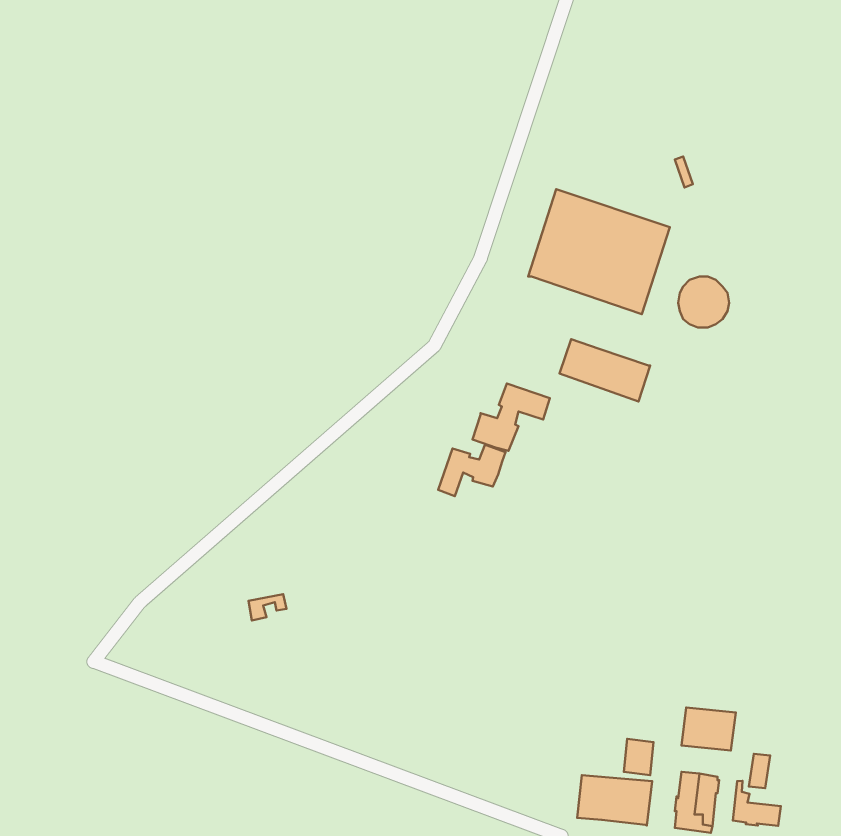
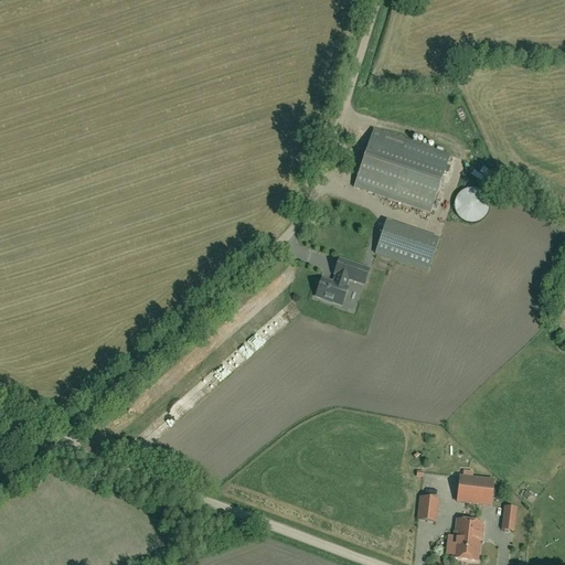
building: [438,444,506,496] -> none
building: [577,775,652,826] -> none
building: [733,781,781,826] -> none

